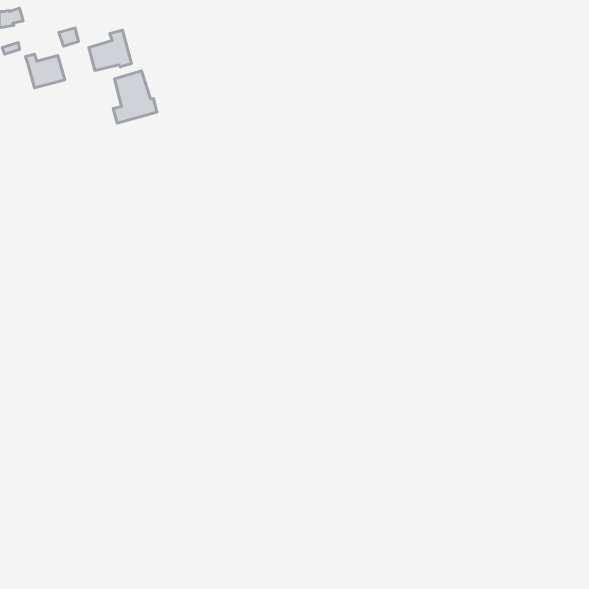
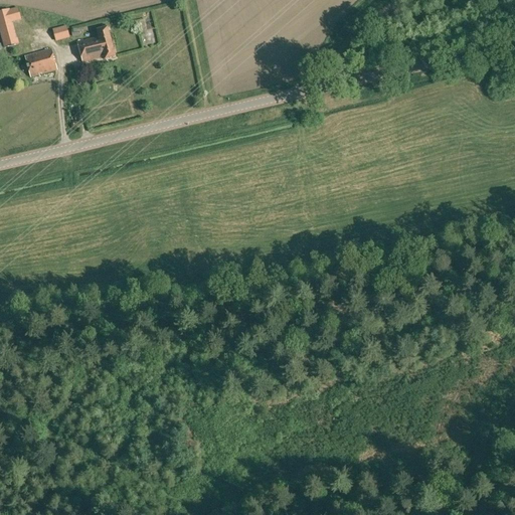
building: [113,71,157,123] -> none

